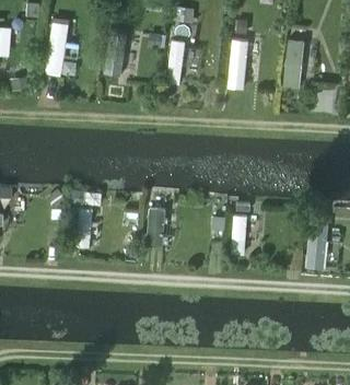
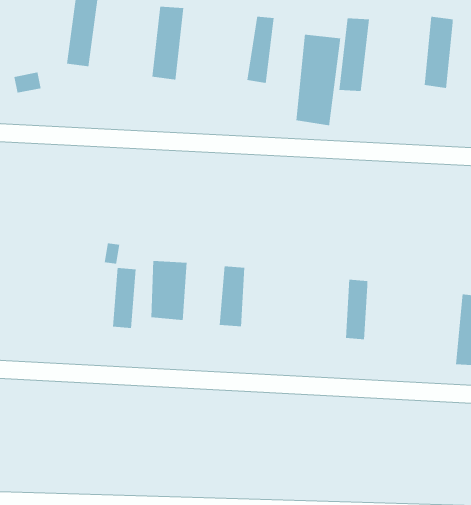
building: none -> [296,34,341,126]
building: none -> [151,260,187,321]

